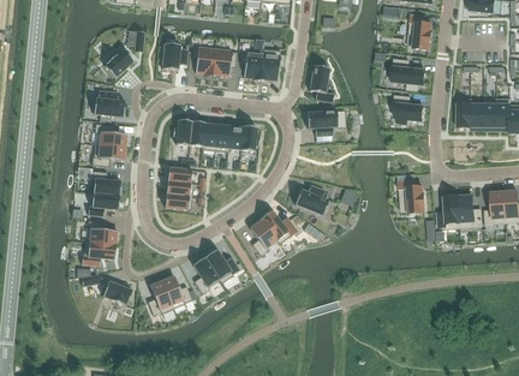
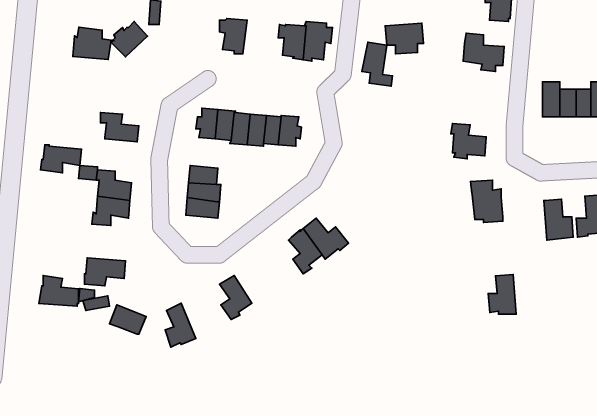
building: [162,42,187,68] -> none
building: [211,47,237,76] -> none
building: [94,89,125,115] -> [73,27,111,59]
building: [394,94,423,123] -> [451,124,486,159]
building: [306,109,338,135] -> [385,23,423,54]
building: [91,143,125,166] -> [40,145,81,173]
building: [294,184,328,214] -> none
building: [437,195,460,227] -> [488,274,516,314]
building: [84,219,117,244] -> [39,276,79,306]
building: [204,247,239,282] -> none
building: [161,274,192,308] -> none

